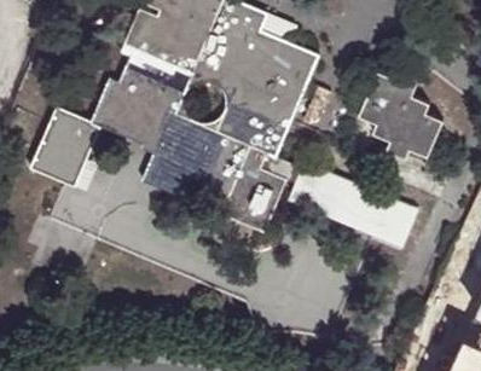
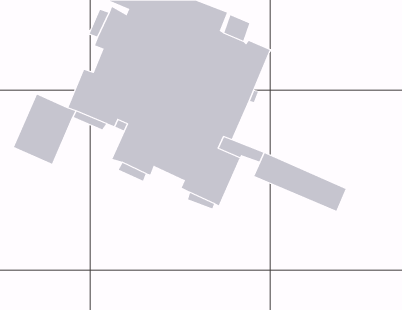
building: [358,76,440,164] -> none

